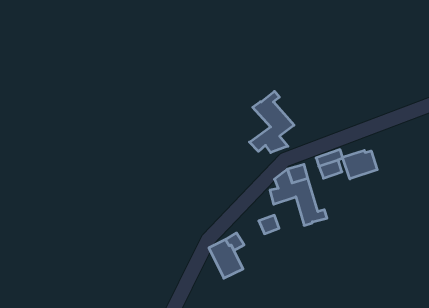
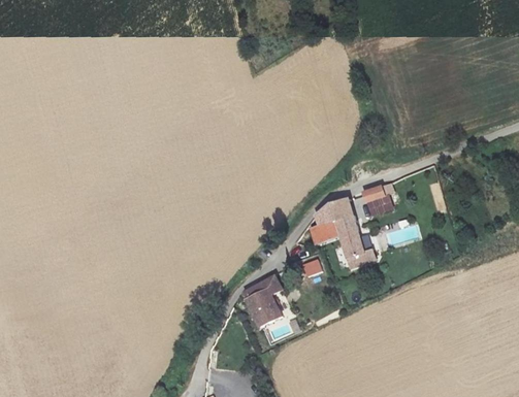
building: [249,91,294,153] -> none
building: [343,150,377,179] -> none

